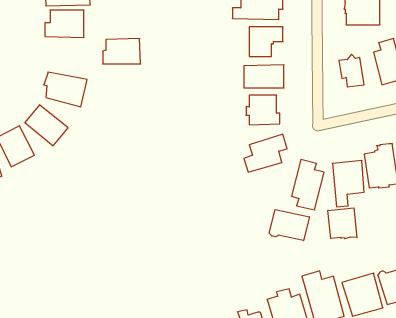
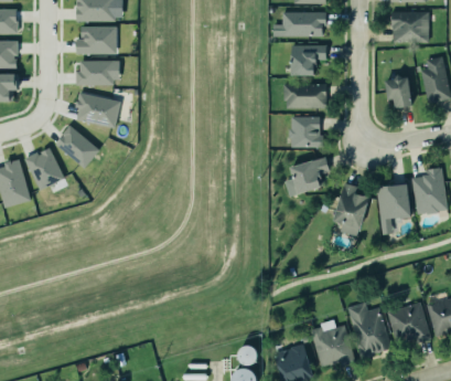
building: [103,39,141,64] -> [77,59,117,85]
building: [328,208,357,239] -> none
building: [269,210,309,241] -> none

